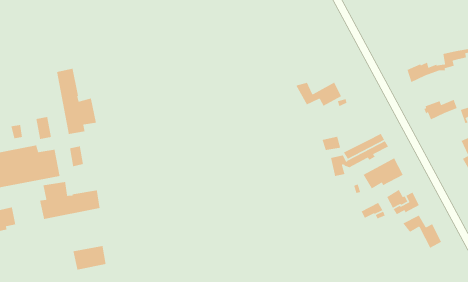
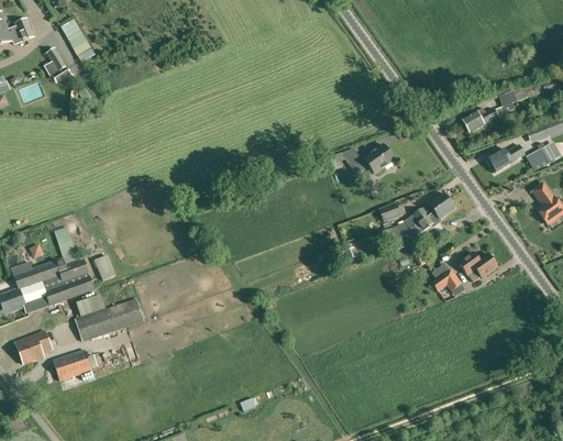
building: [56,68,97,135] -> none
building: [362,157,404,189] -> none
building: [402,215,442,249] -> none
building: [73,245,107,270] -> [53,349,92,381]

